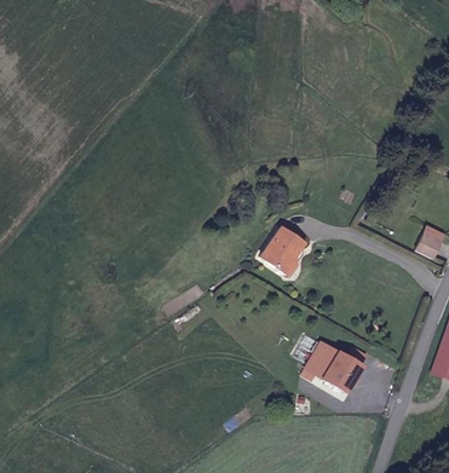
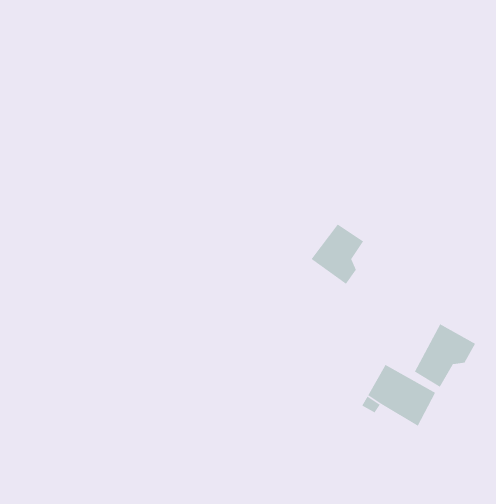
building: none -> [414,323,476,388]

